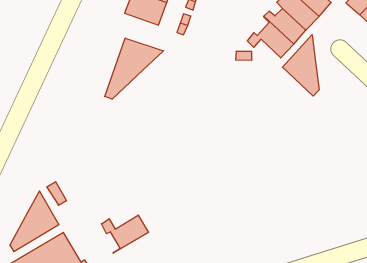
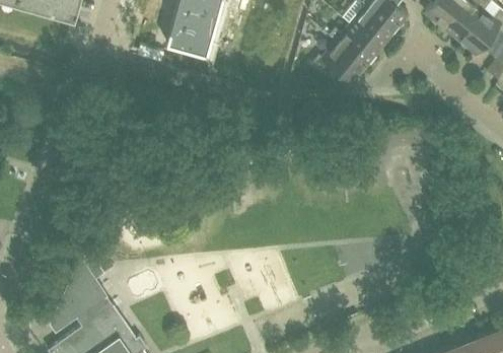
building: [282,35,319,96] -> none
building: [105,38,164,99] -> none
building: [101,215,148,253] -> none

